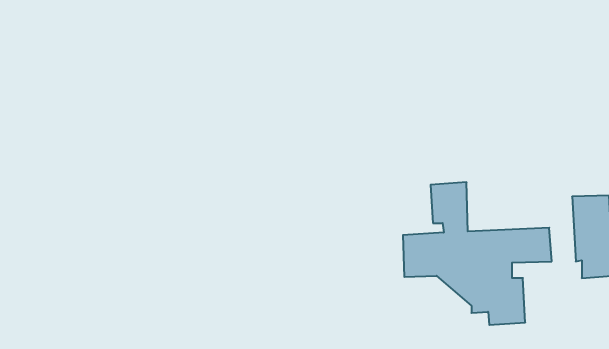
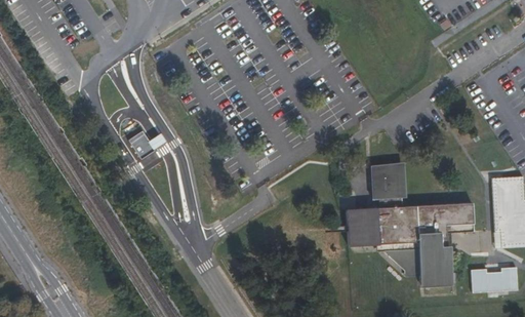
building: none -> [472,266,519,291]

